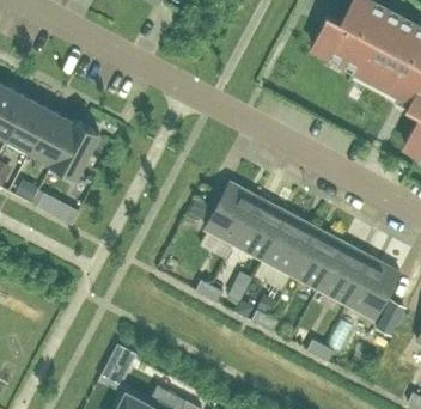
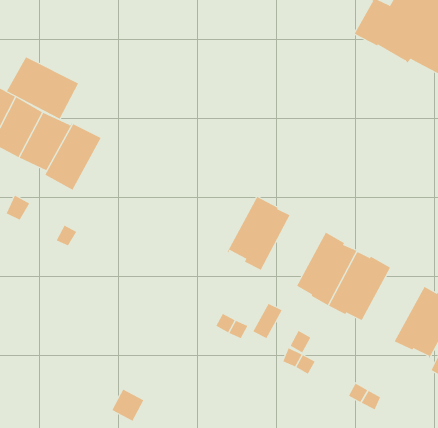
building: none -> [6,56,79,120]
building: [233,197,287,260] -> none
building: [317,243,371,305] -> none

